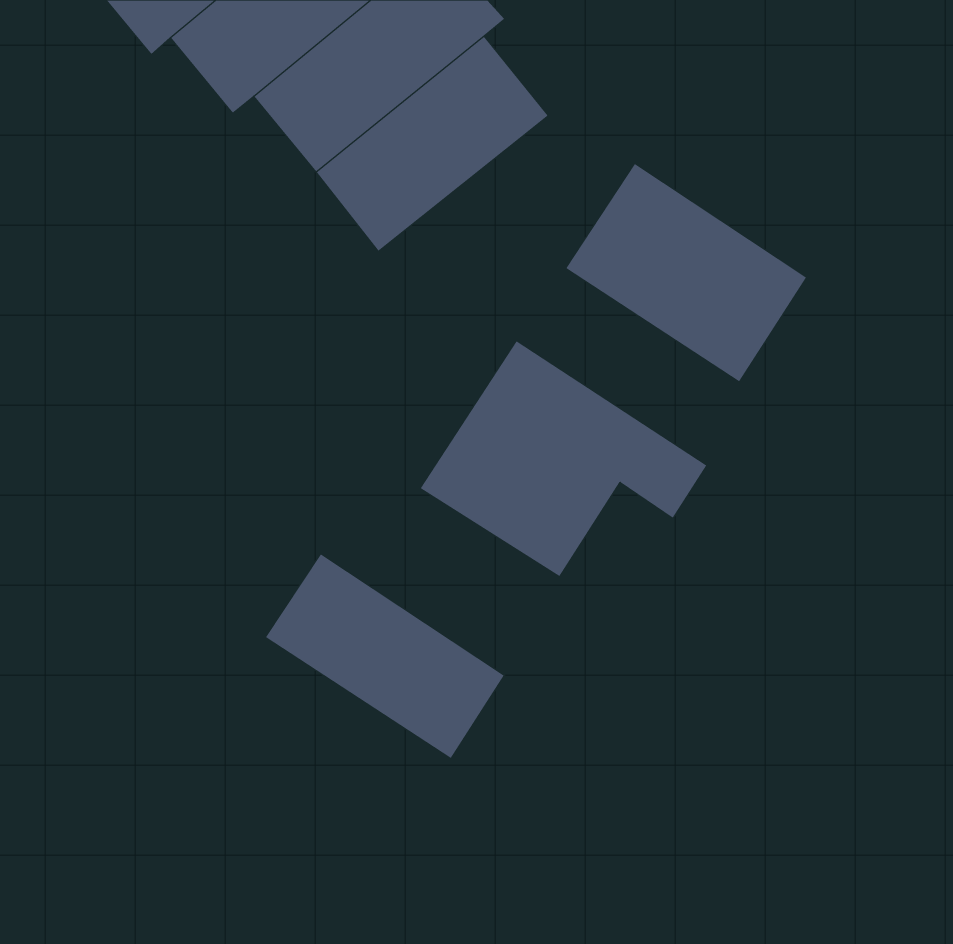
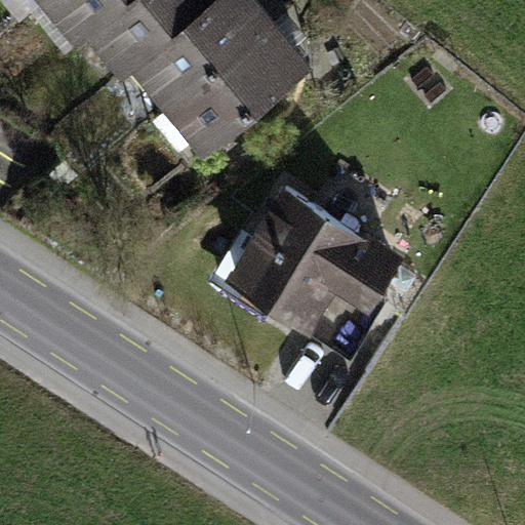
building: [565,163,807,382] -> none
building: [265,554,505,759] -> none

